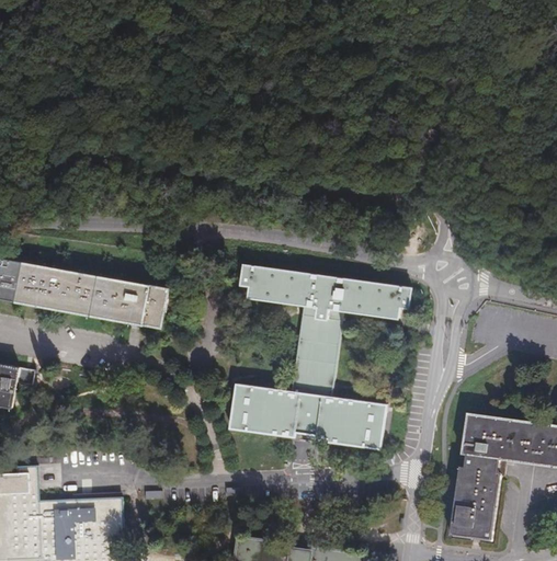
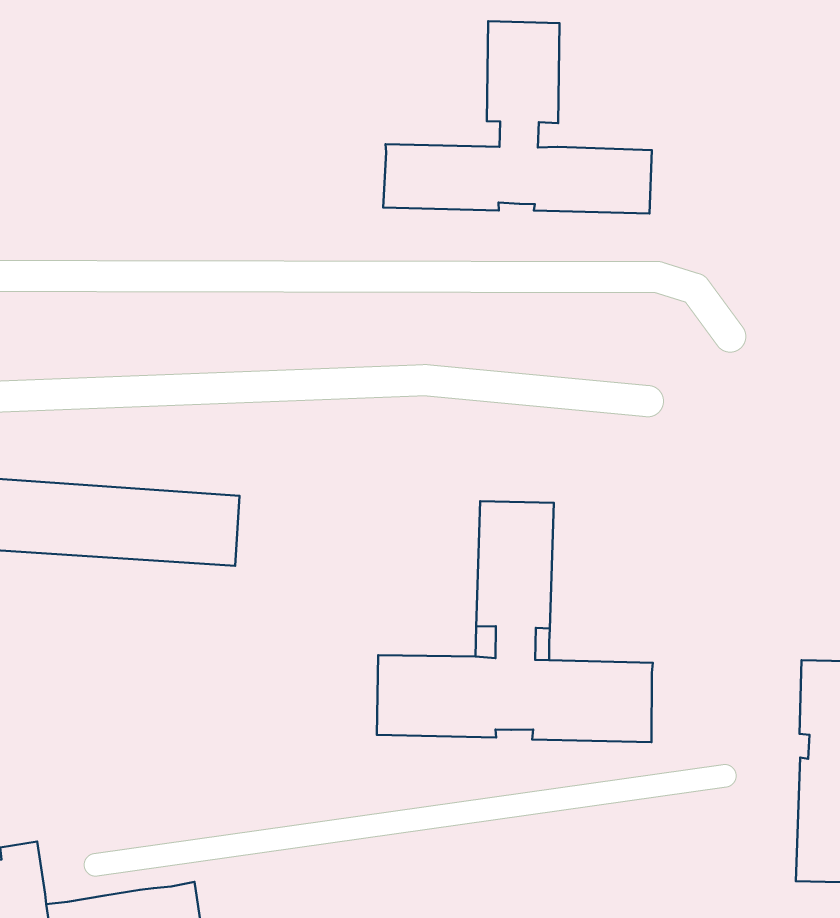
building: none -> [383,21,652,213]
building: [240,264,411,319] -> none

